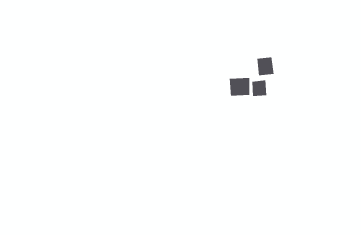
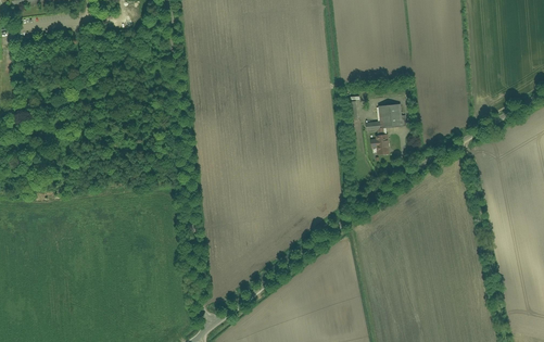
building: [229,77,250,97] -> none

